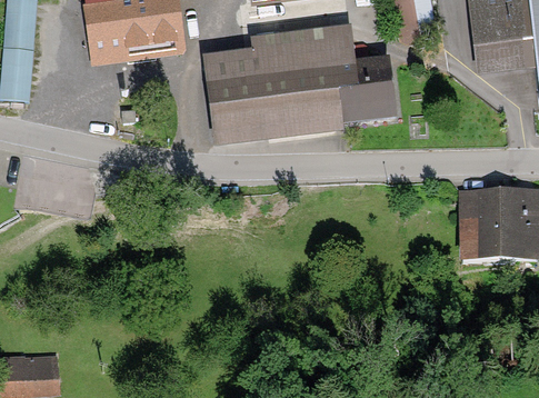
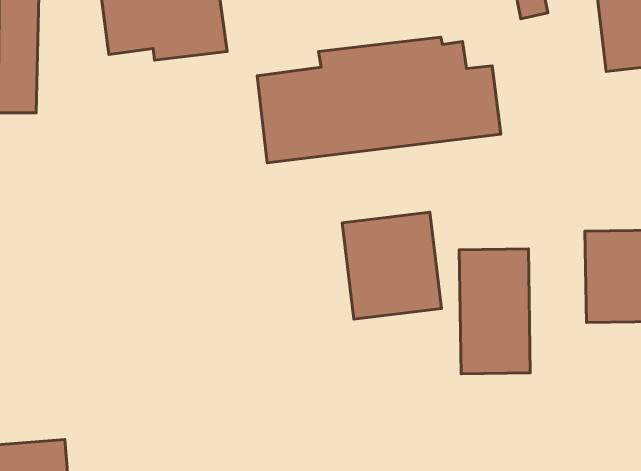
building: none -> [342,212,441,319]
building: none -> [459,249,530,374]

